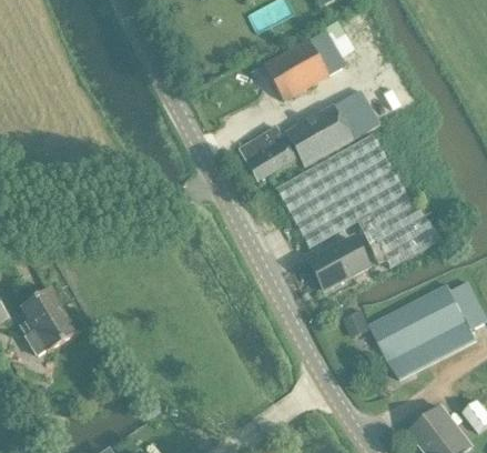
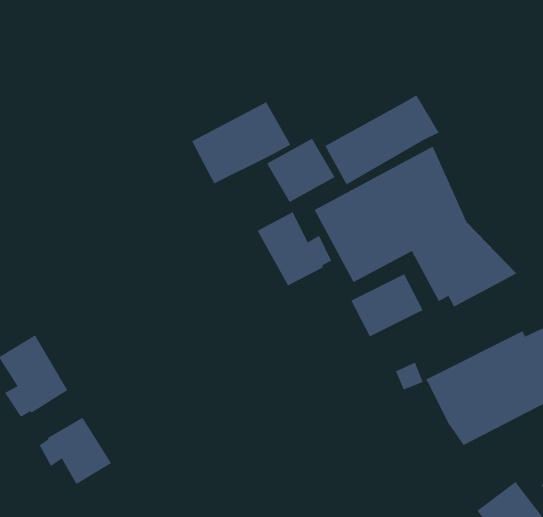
building: [265,31,346,99] -> [192,101,291,184]
building: none -> [257,211,332,286]
building: none -> [39,417,112,485]

